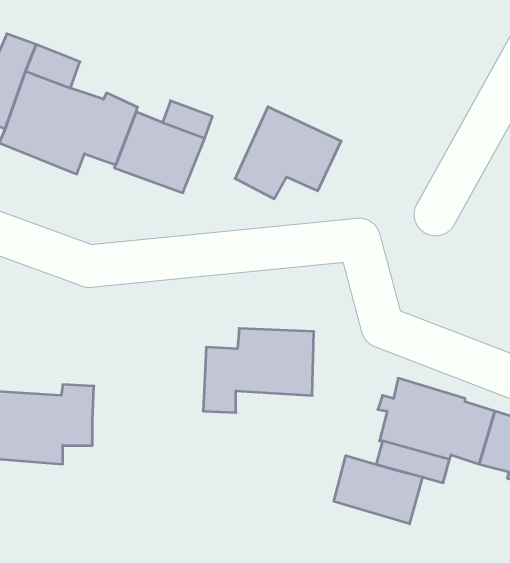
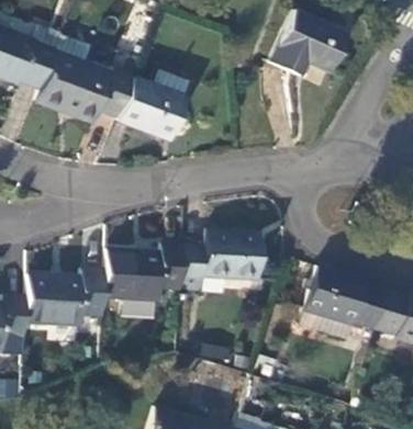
building: [235,107,341,199] -> [271,11,346,76]
building: none -> [103,245,183,302]
building: [334,456,423,524] -> none

